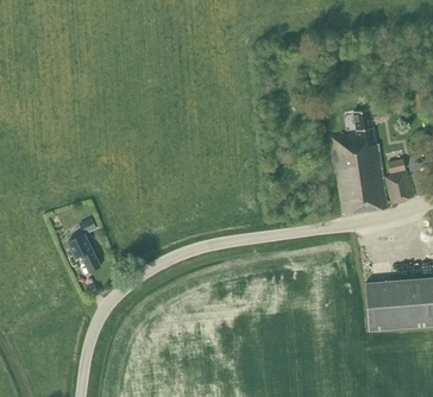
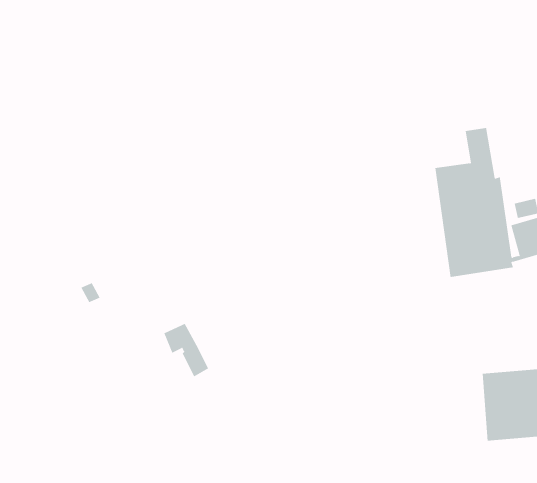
building: [68,233,100,271] -> [163,323,209,377]

